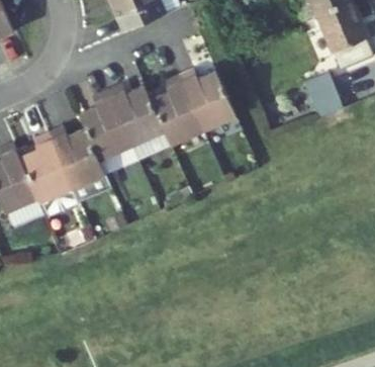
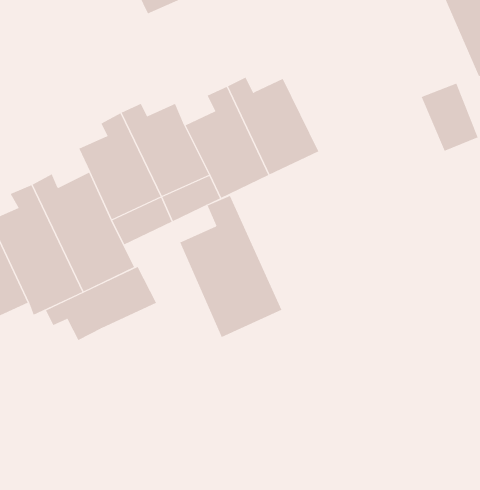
building: none -> [180,195,282,338]
building: none -> [45,266,157,341]

